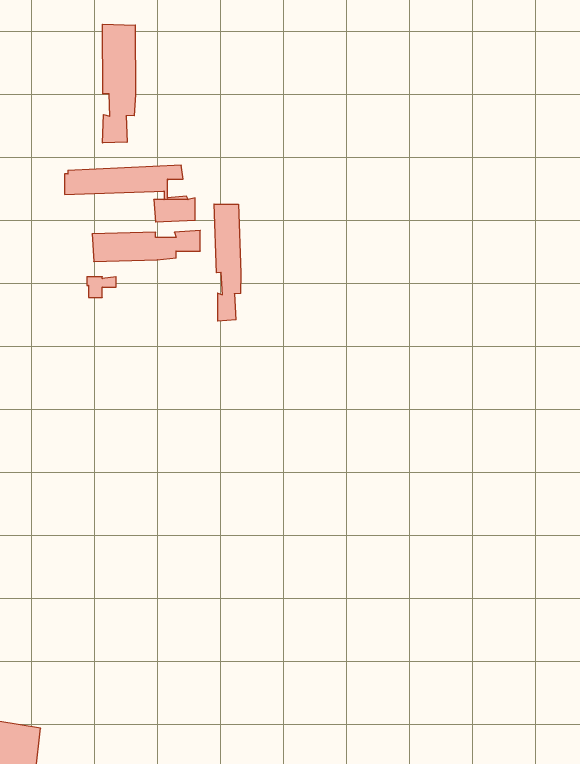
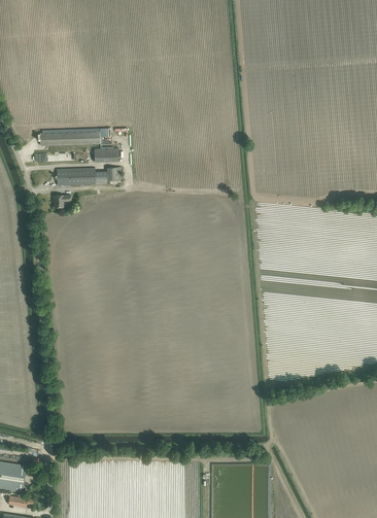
building: [103,24,136,143] -> none
building: [214,204,241,321] -> none

